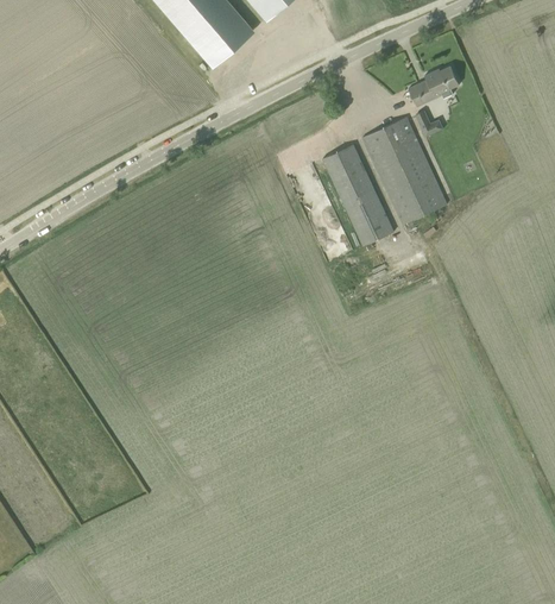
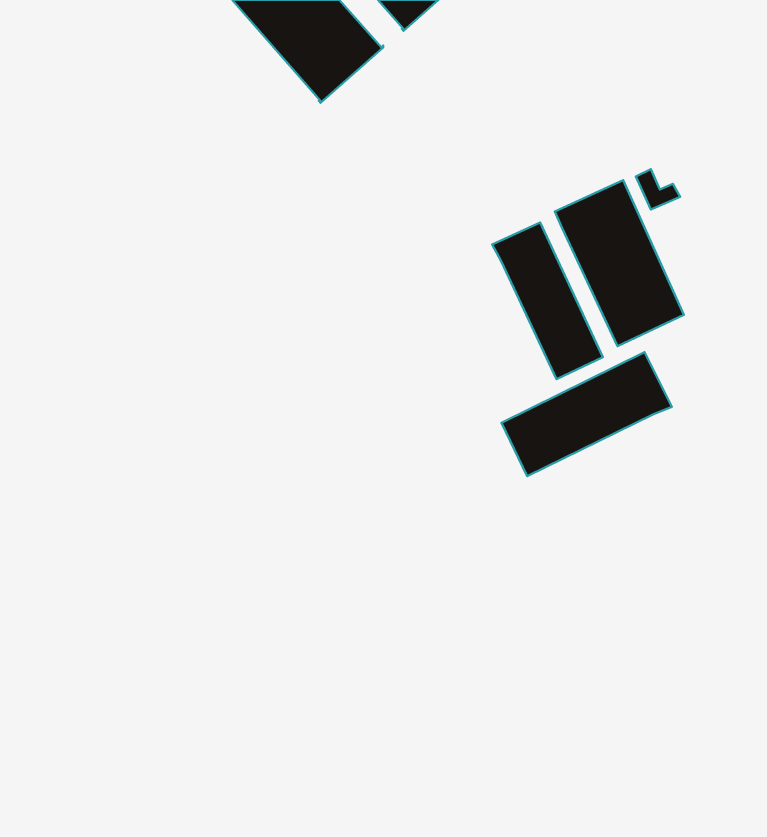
building: [409,65,459,107] -> none
building: none -> [502,352,672,476]

